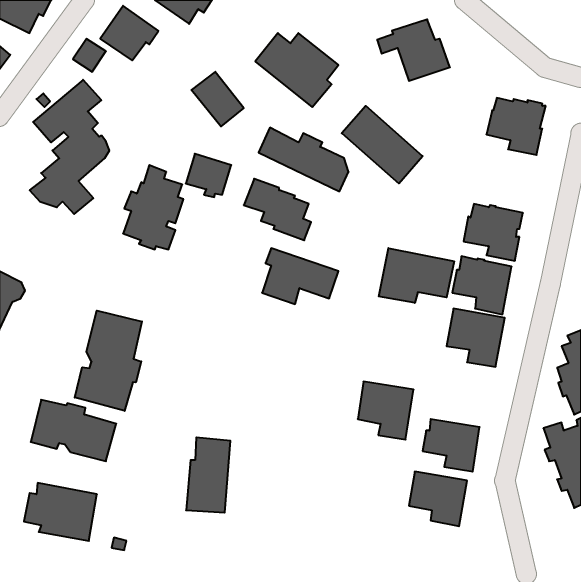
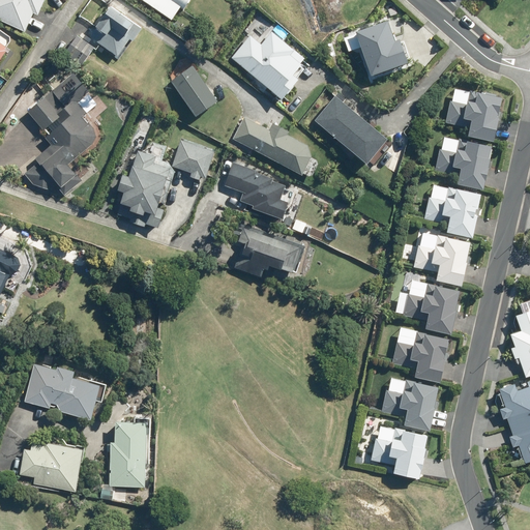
building: none -> [432,138,485,189]
building: [379,248,454,303] -> none
building: [75,311,142,411] -> none
building: [358,382,414,440] -> [395,331,446,384]
building: [186,437,230,513] -> [112,419,152,488]

